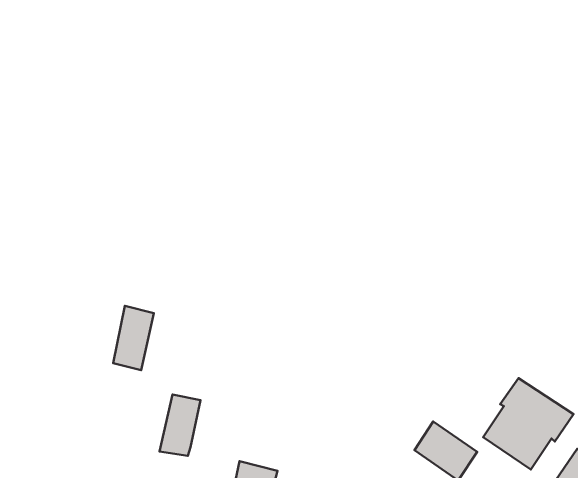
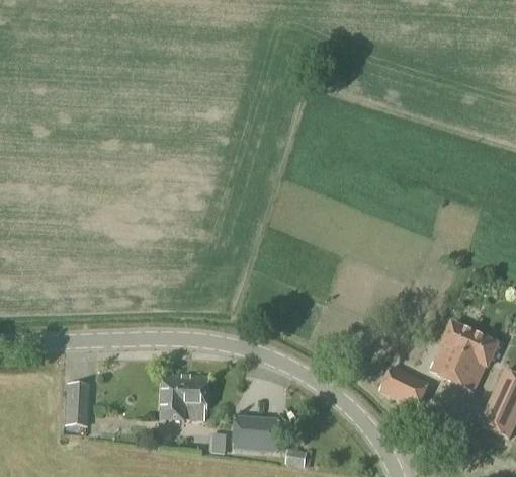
building: [113,306,154,370] -> [162,372,187,419]
building: none -> [65,383,88,423]

